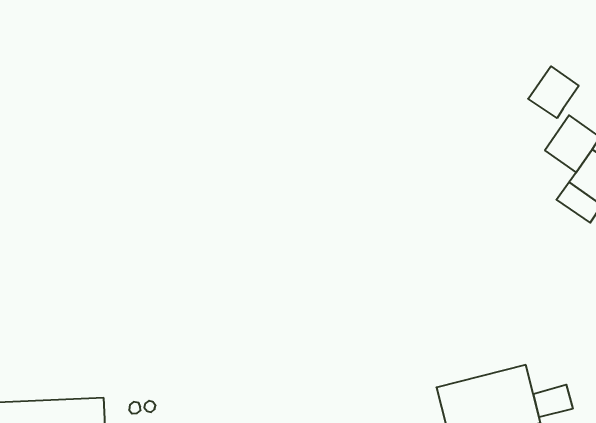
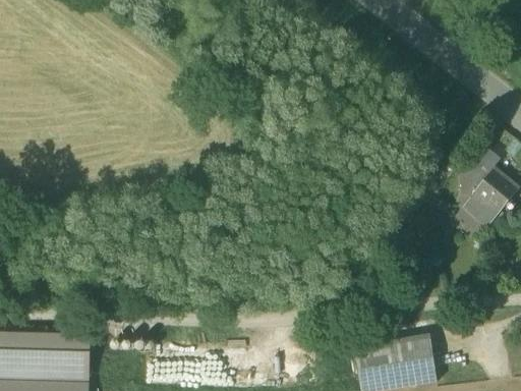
building: [528,66,579,118] -> none
building: [533,385,573,417] -> none

